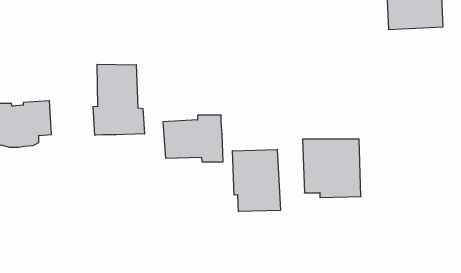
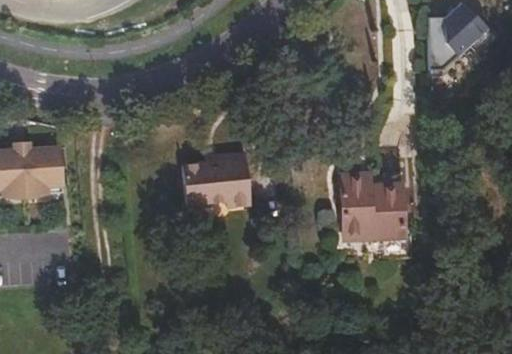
building: [93,64,144,135] -> none
building: [232,149,280,212] -> none

